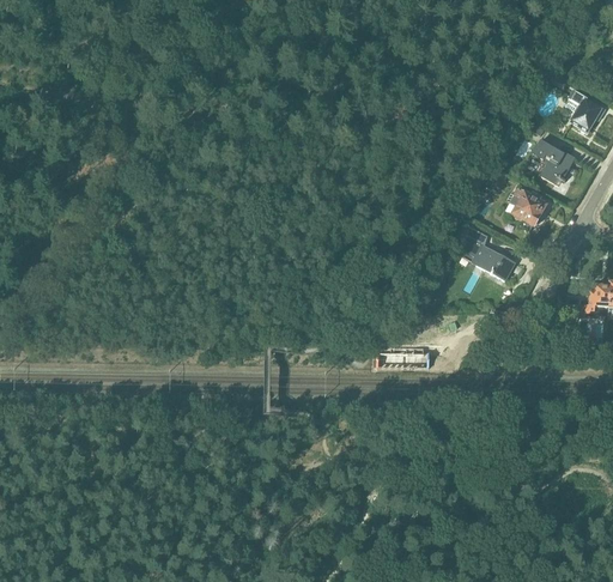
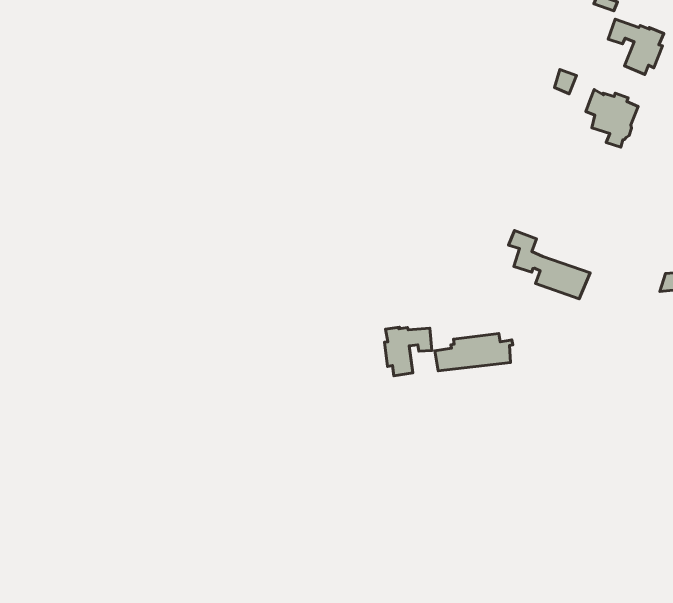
building: [462,225,516,280] -> [508,230,590,299]
building: none -> [384,327,432,376]

